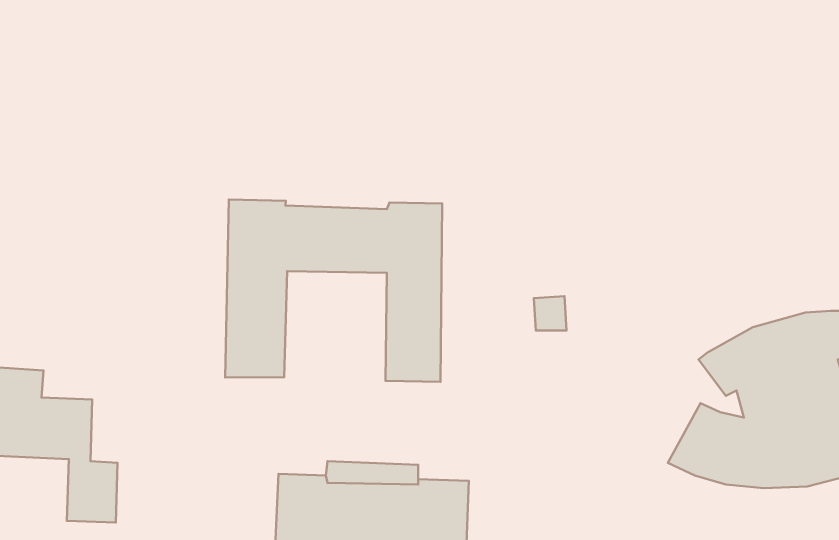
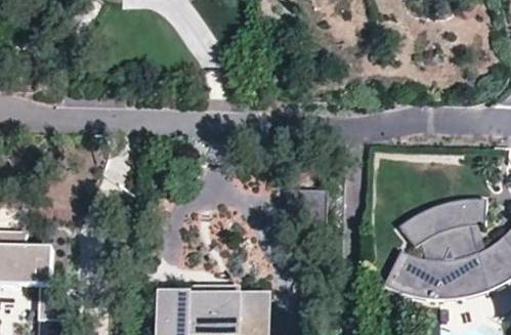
building: [225,199,442,382] -> none

